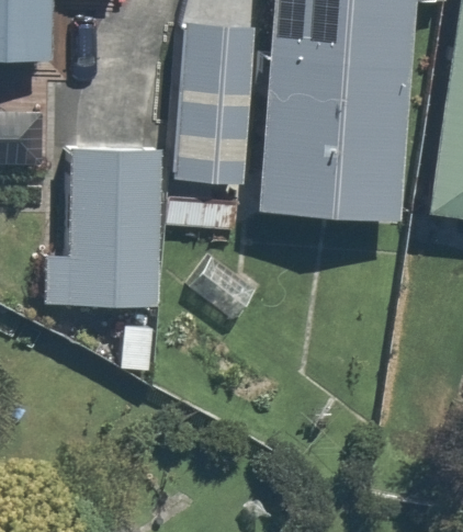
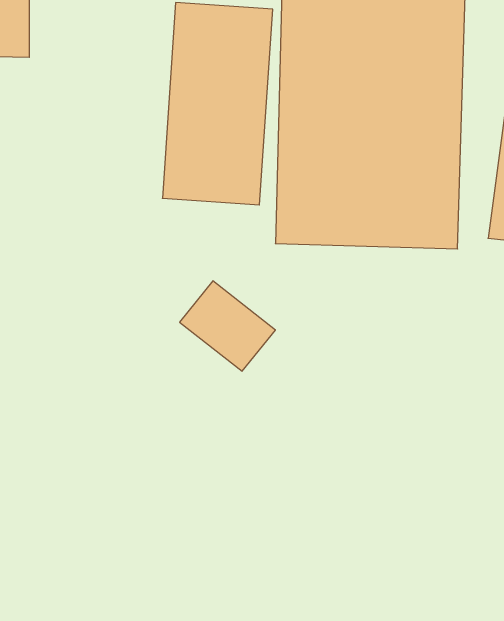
building: [41,142,162,314] -> none

